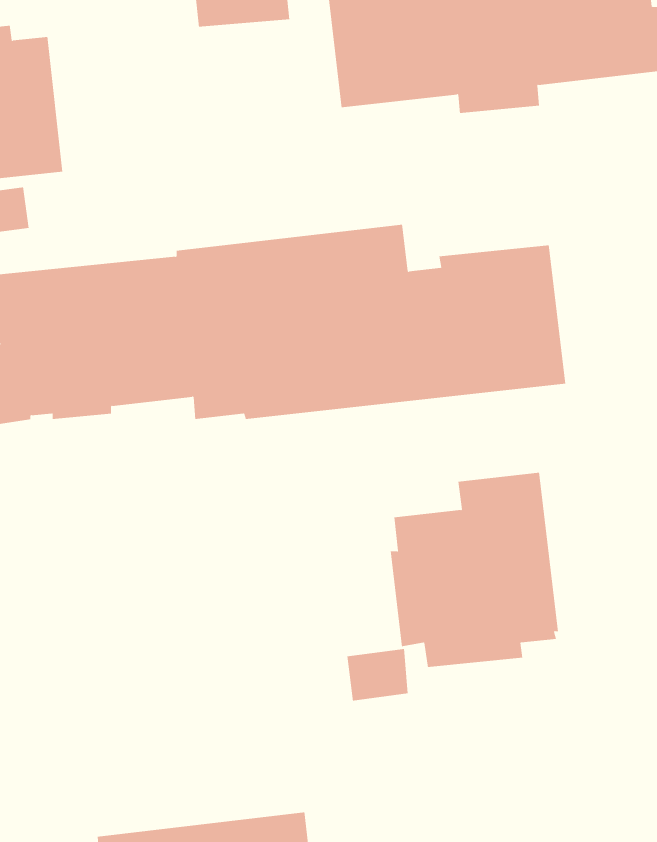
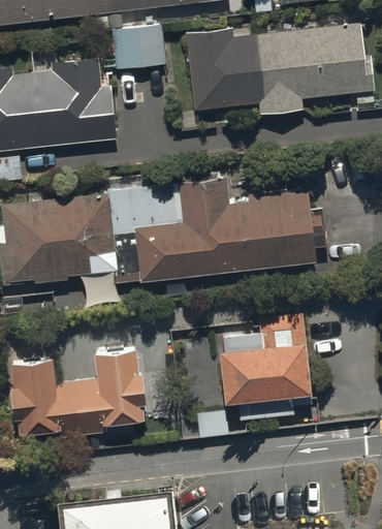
building: none -> [32,57,117,147]
building: none -> [11,350,149,439]

